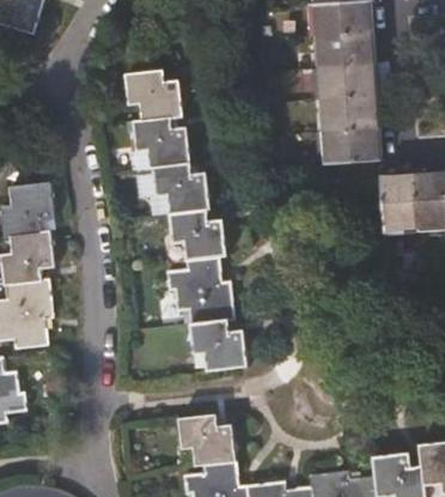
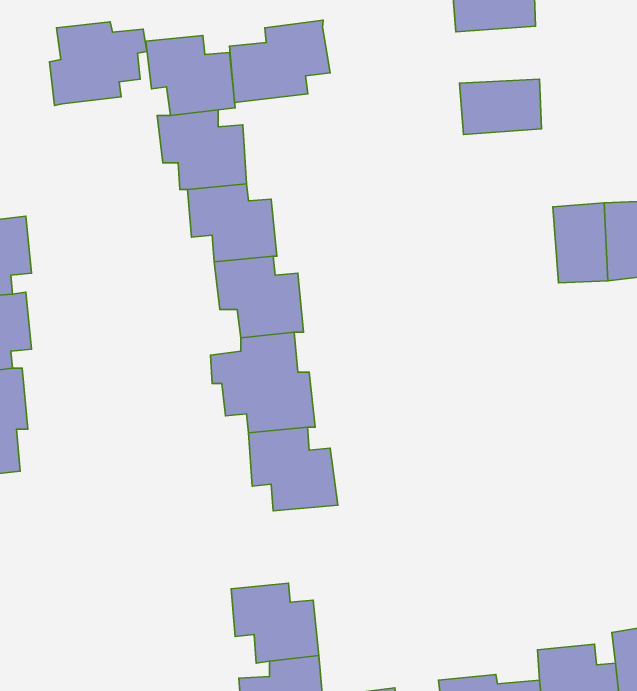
building: none -> [229,20,330,102]
building: none -> [49,22,147,105]
building: [321,65,373,101] -> none
building: [325,129,377,163] -> none

